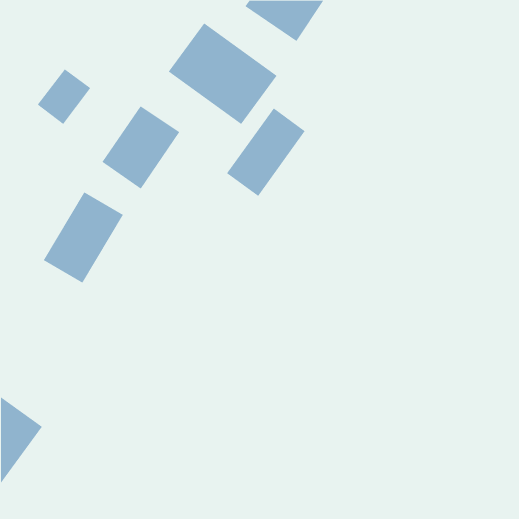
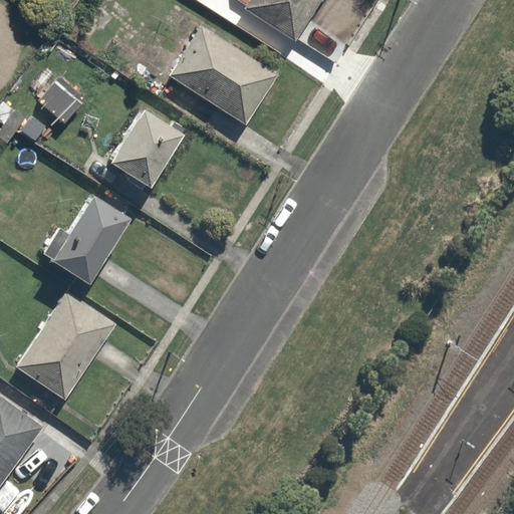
building: [226,108,306,197] -> none
building: none -> [17,290,116,398]

